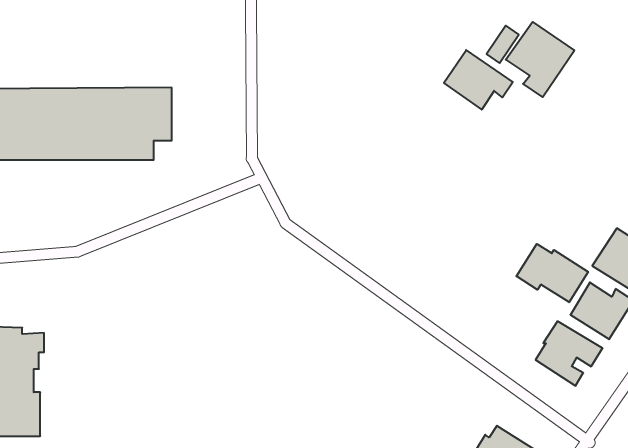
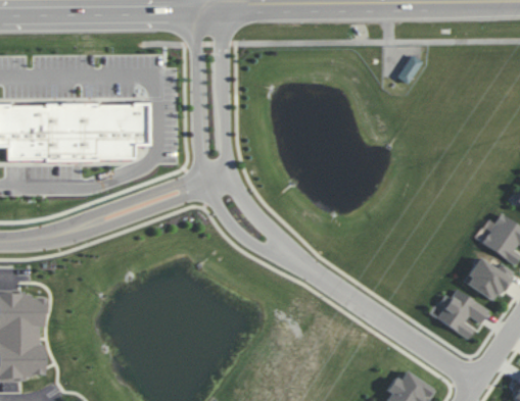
building: [506,22,574,97] -> none
building: [444,50,513,110] -> none
building: [516,244,588,302] -> none

